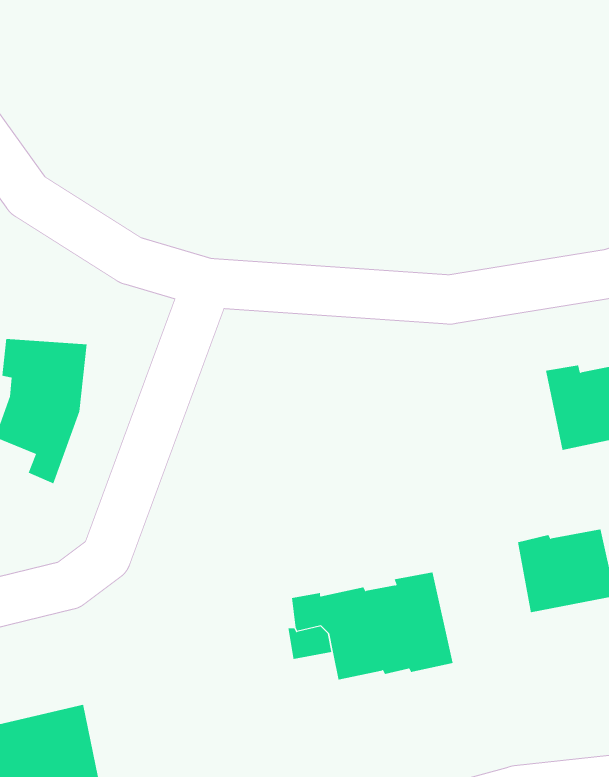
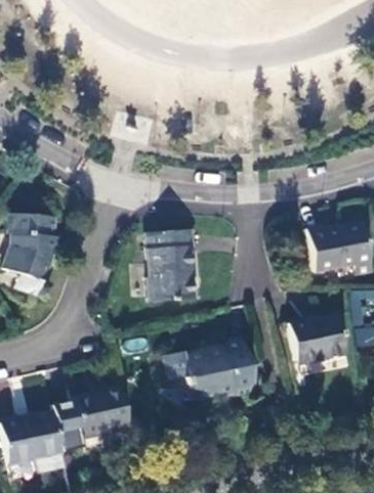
building: none -> [146,231,194,301]
building: none -> [72,387,128,438]

